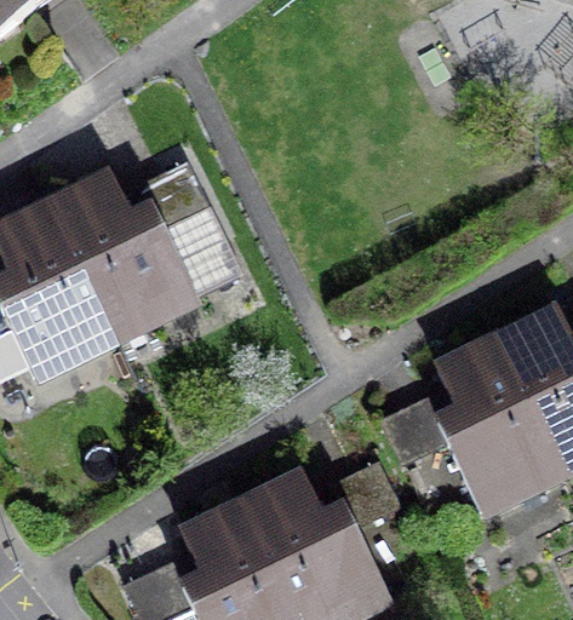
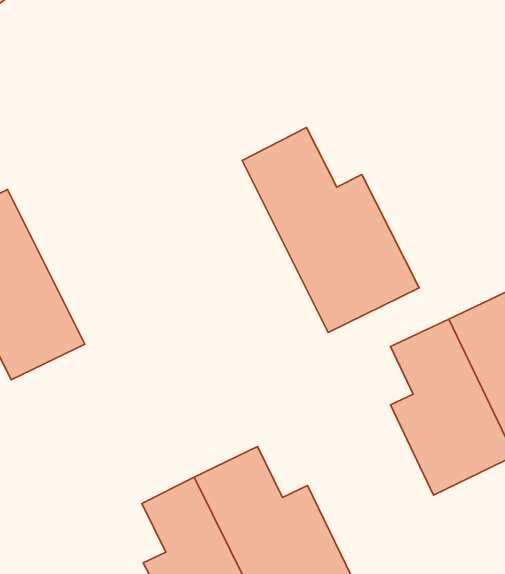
building: none -> [242,127,419,333]
building: [41,157,219,362] -> none

